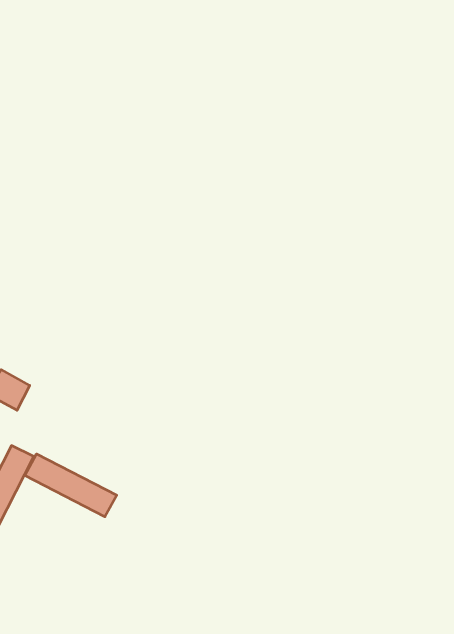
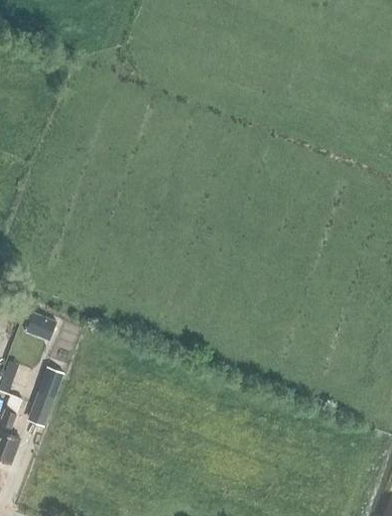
building: [25,454,117,517] -> none

